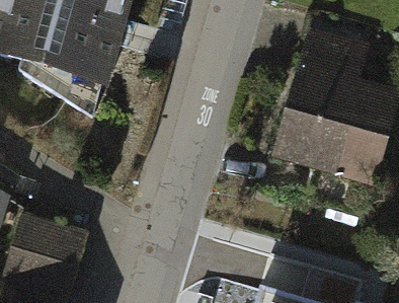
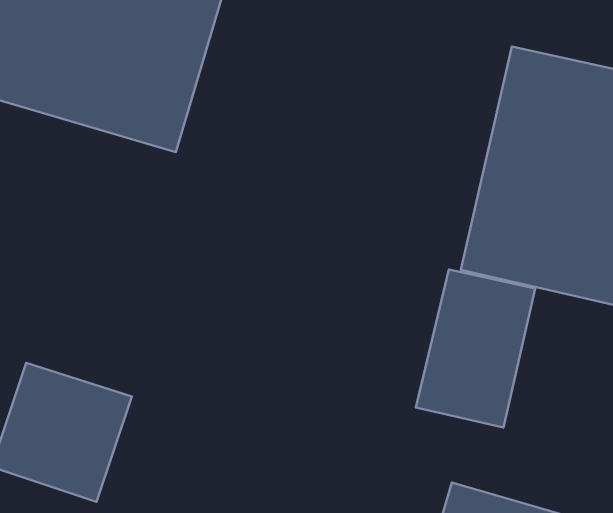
building: none -> [416,270,535,427]

